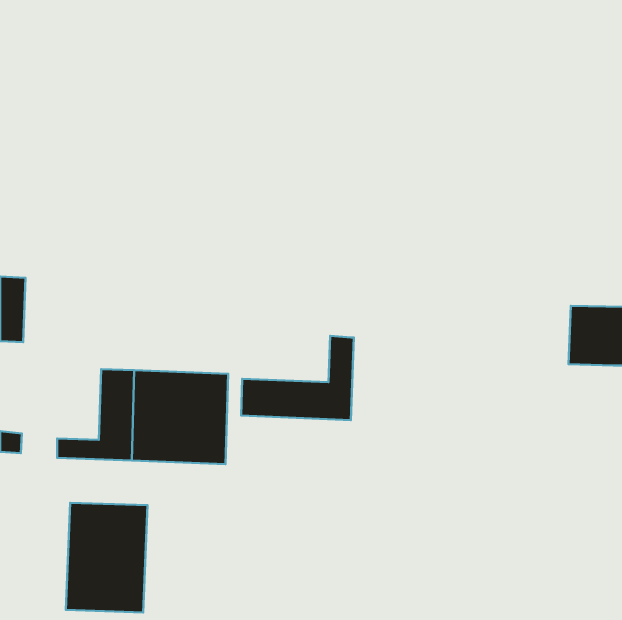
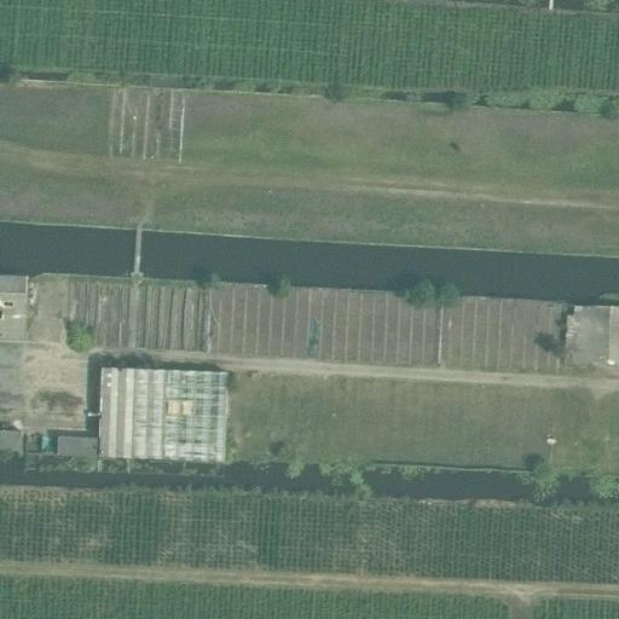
building: [241,336,354,420] -> none
building: [66,503,148,612] -> none

